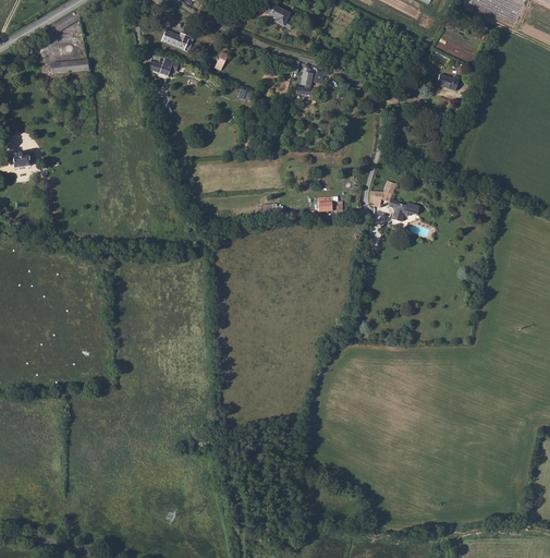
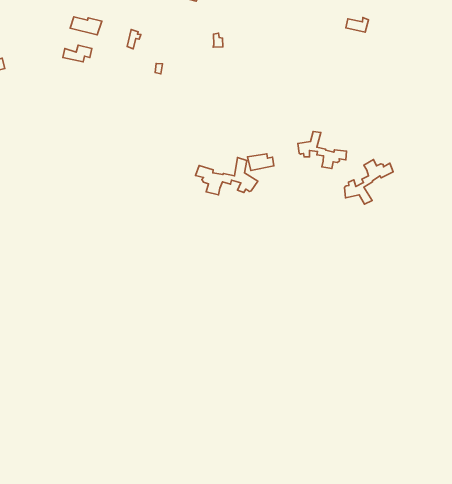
building: none -> [195,158,258,195]
building: none -> [345,160,393,204]

